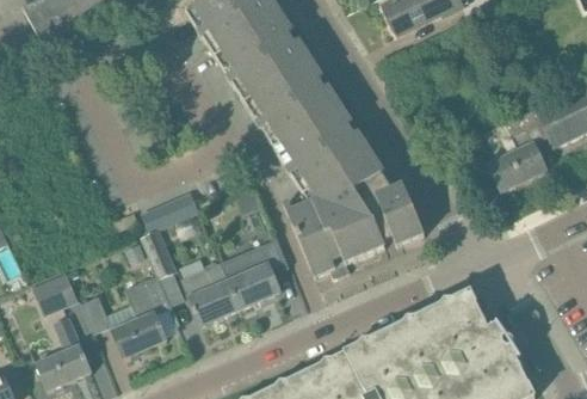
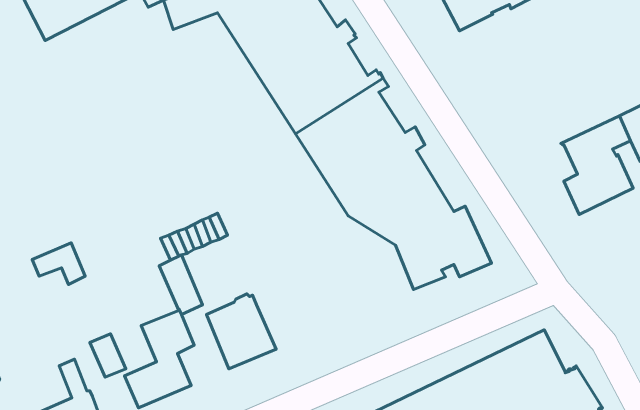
building: [284,192,359,276] -> none
building: [221,237,290,307] -> none
building: [32,270,78,306] -> [32,243,85,284]

